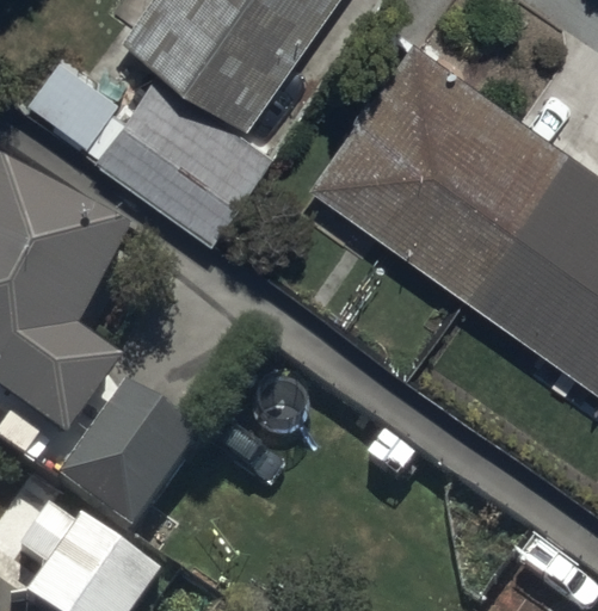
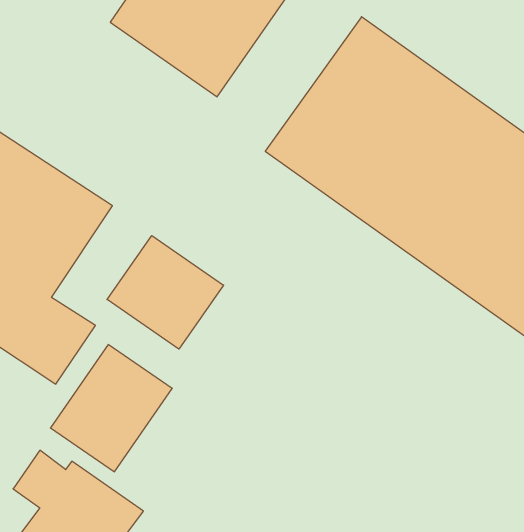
building: [95,72,277,240] -> none
building: none -> [107,236,224,349]

